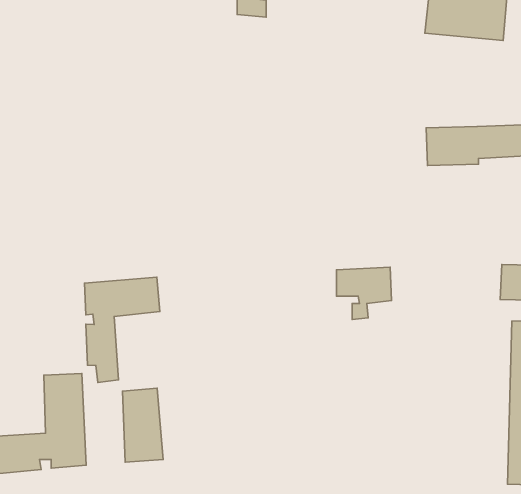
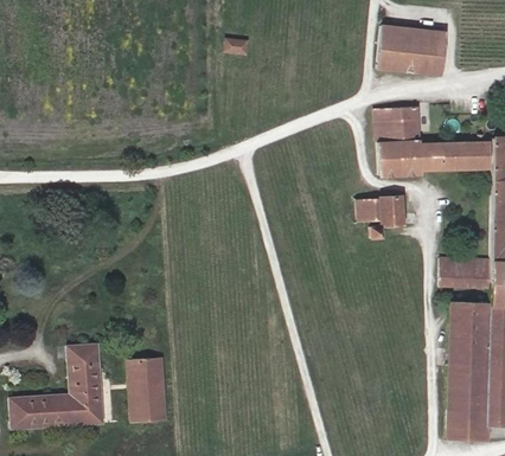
building: none -> [376,108,420,144]
building: [336,267,392,319] -> [357,197,402,239]
building: [84,277,160,382] -> none

